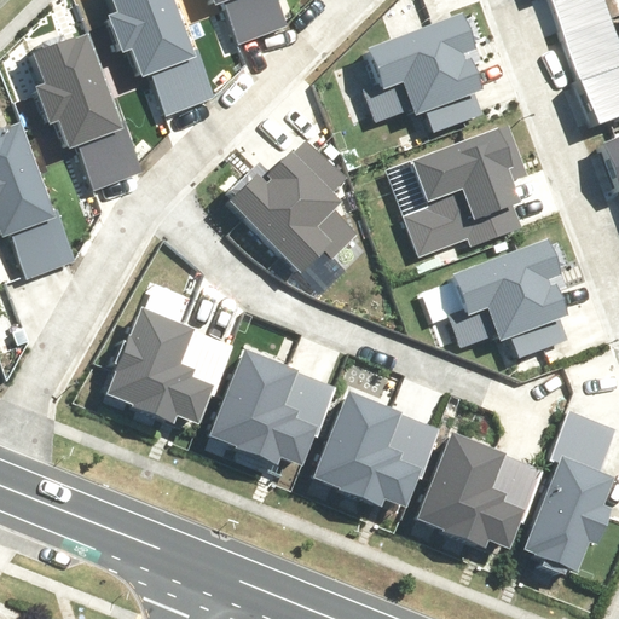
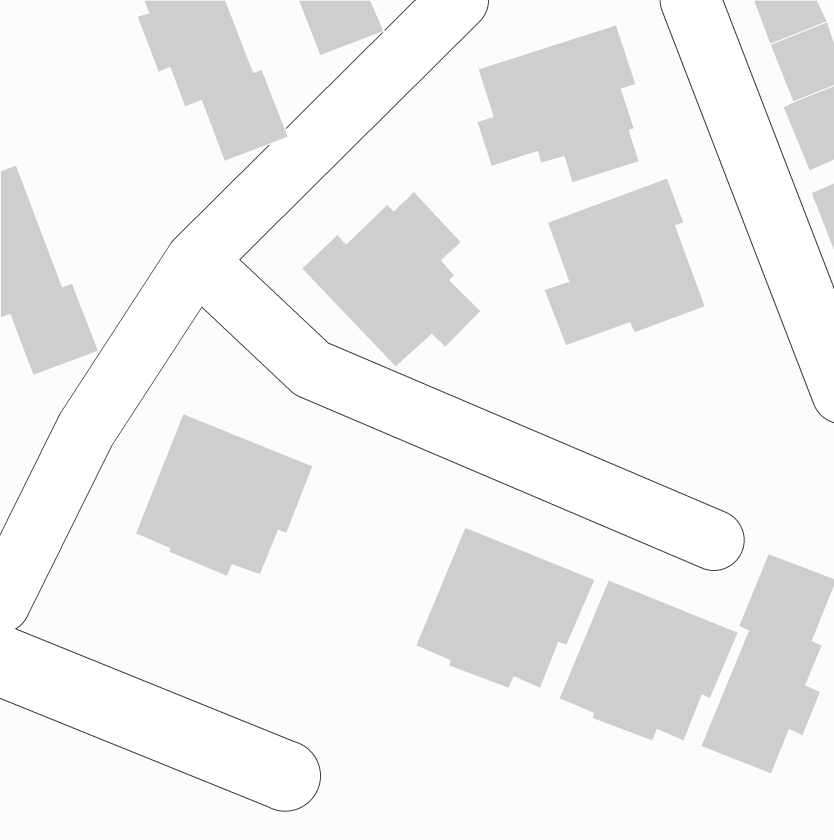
building: [29,29,141,184] -> none
building: [450,239,569,355] -> none
building: [204,349,336,469] -> none

